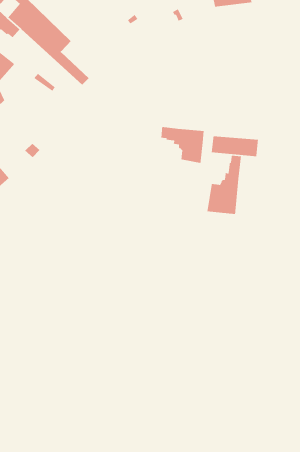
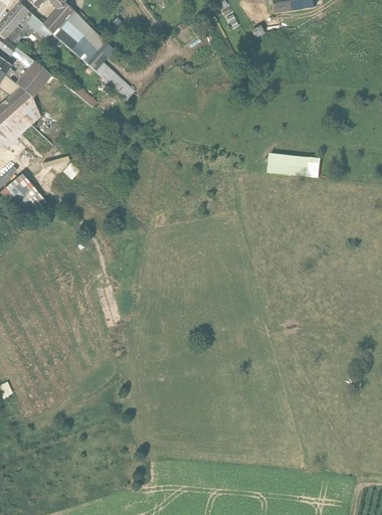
building: [160,126,204,164] -> none
building: [207,155,242,215] -> none

